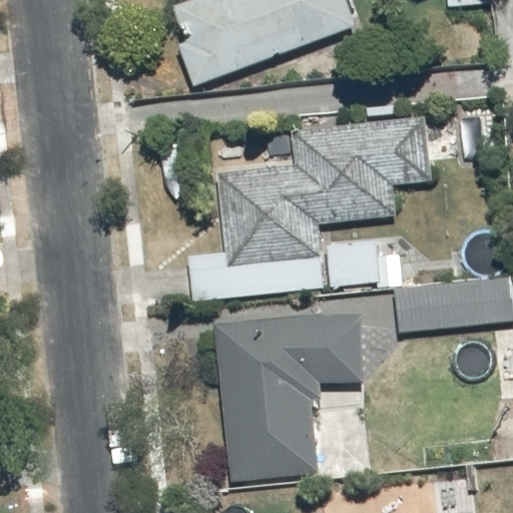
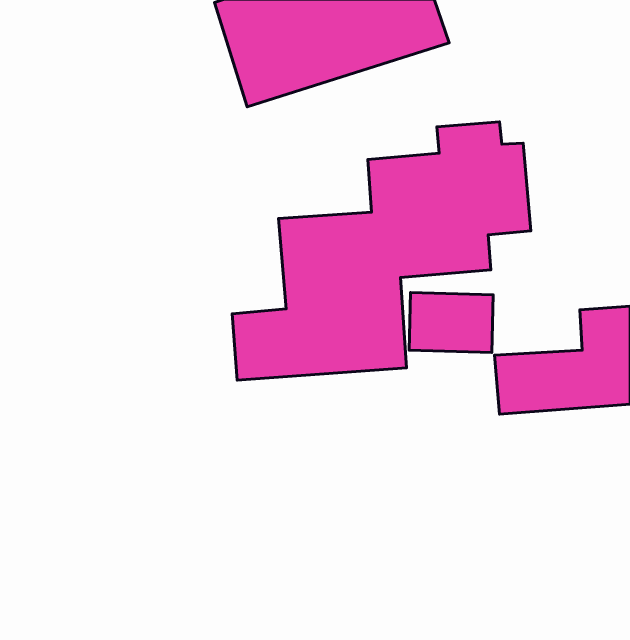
building: [215,305,363,482] -> none

